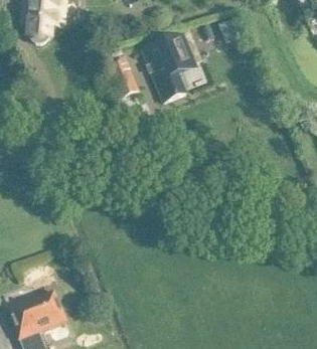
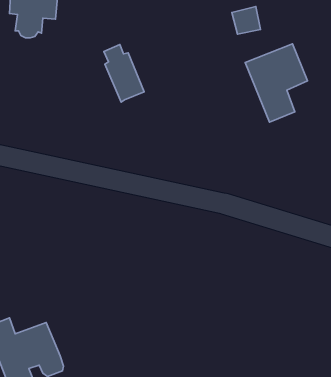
building: [142,33,196,102] -> [245,44,307,122]

